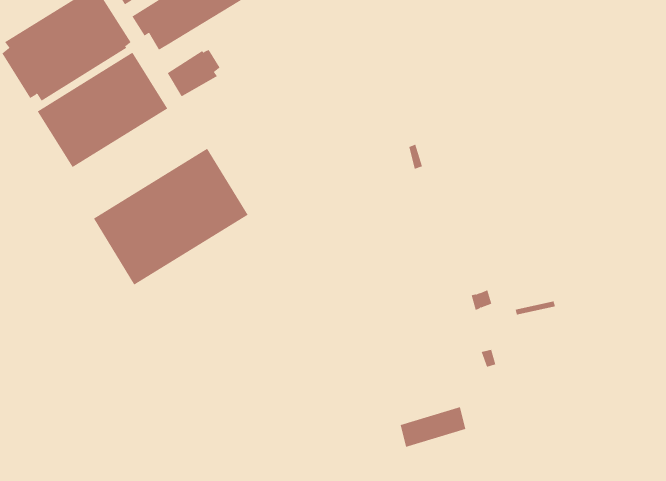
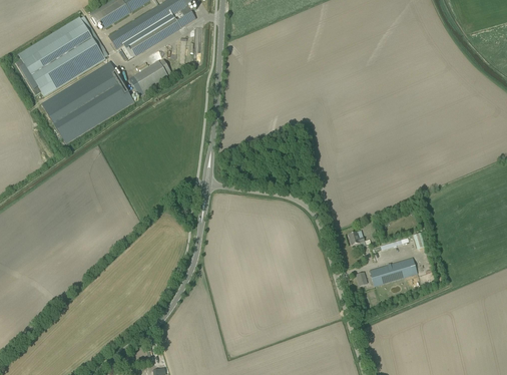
building: [93,148,248,286] -> none
building: [400,407,466,448] -> [369,257,416,286]

